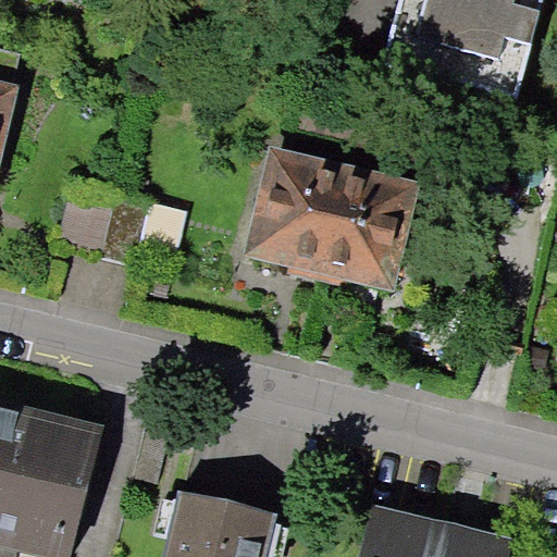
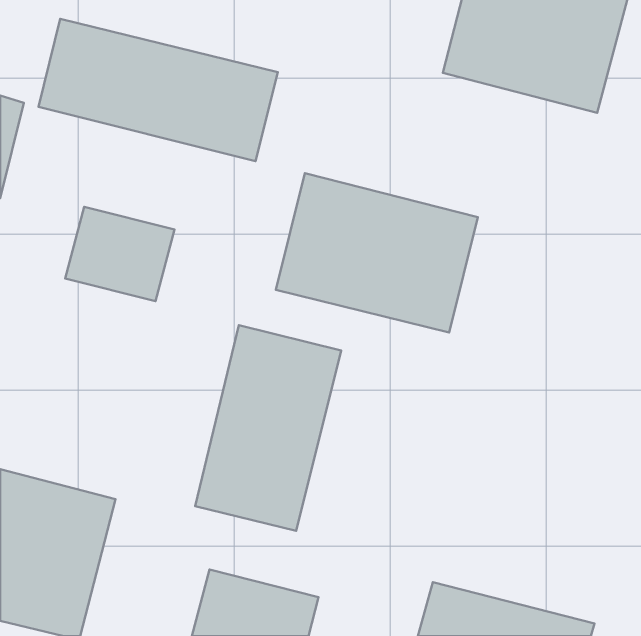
building: none -> [39,19,278,161]
building: none -> [195,325,341,531]

